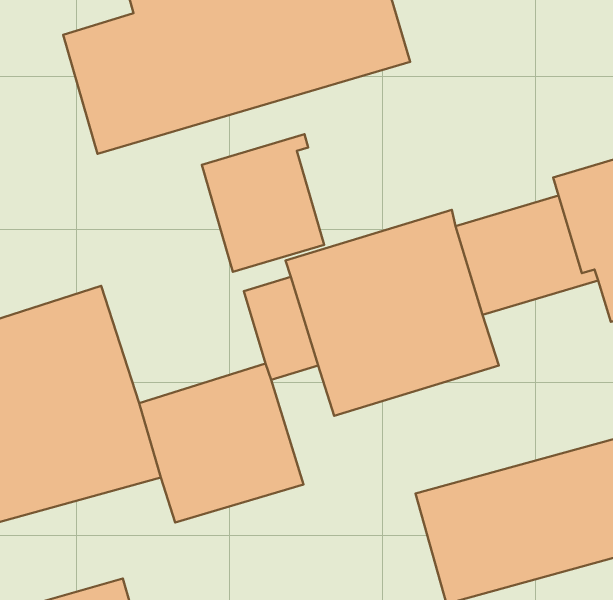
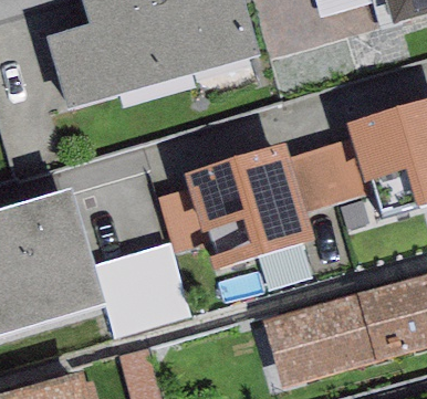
building: [202,134,324,272] -> none

